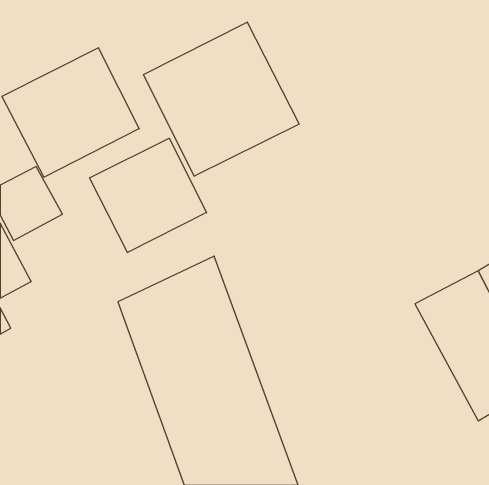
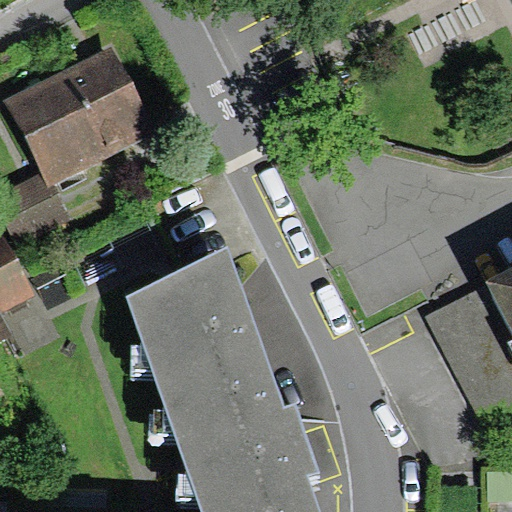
building: [143,22,299,176] -> none
building: [90,138,207,253] -> none

